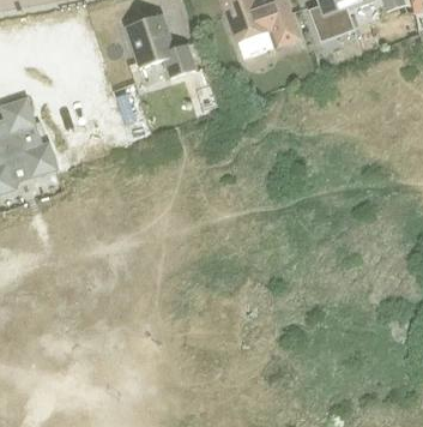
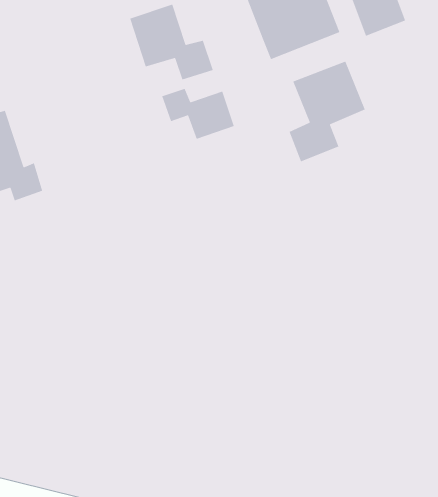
building: none -> [288,60,366,163]
building: none -> [161,88,235,140]

